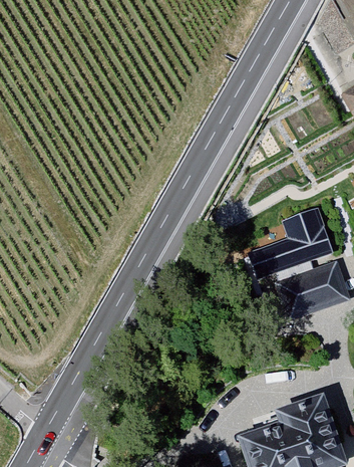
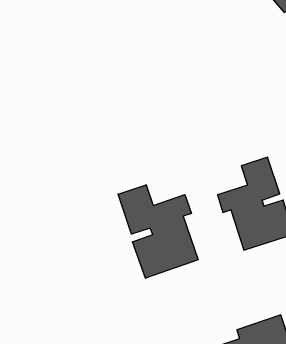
building: none -> [118,185,198,278]

